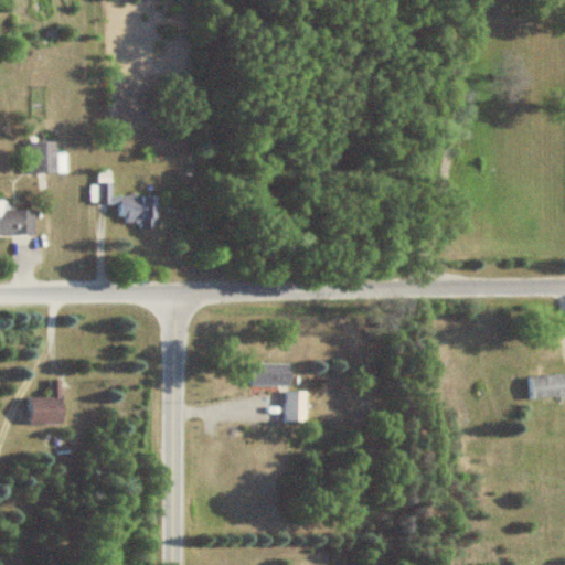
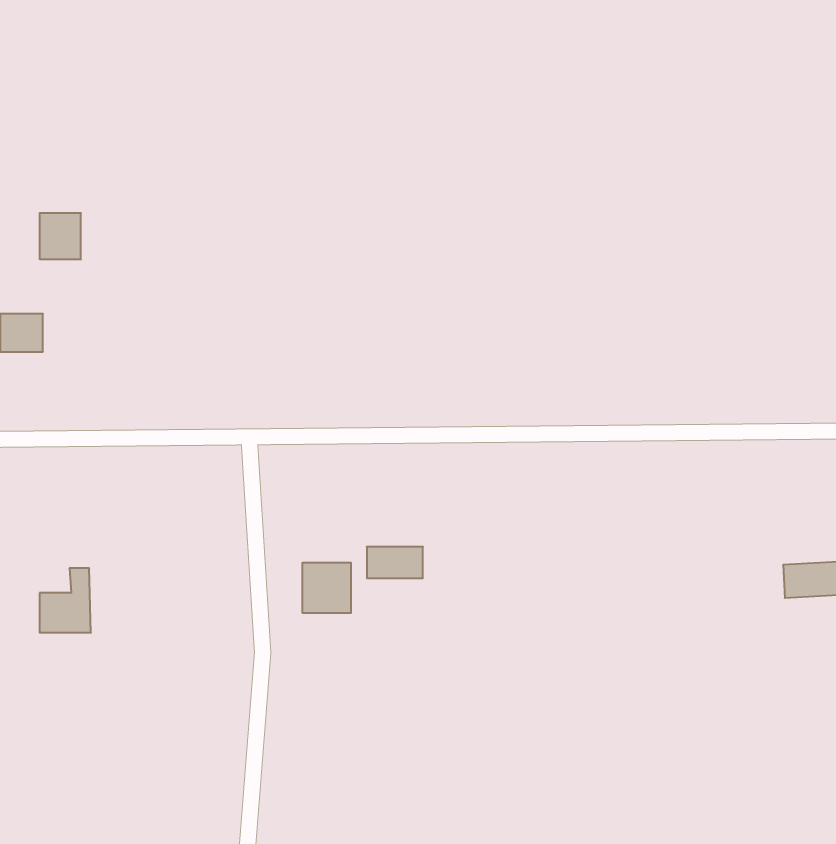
building: [93,171,156,225] -> none
building: none -> [303,563,351,613]
building: [284,394,305,425] -> none

